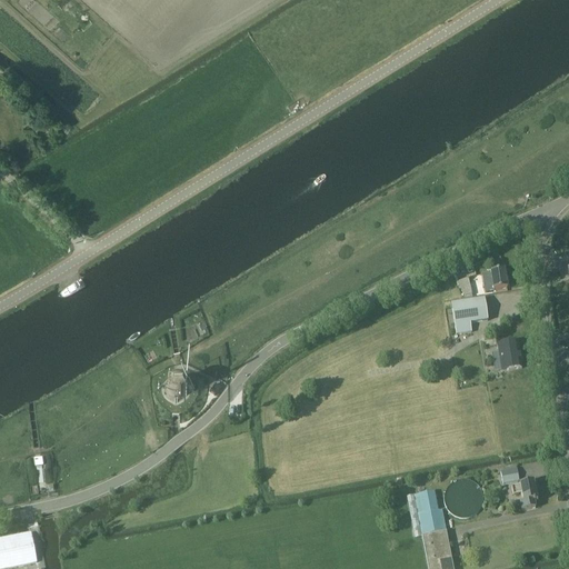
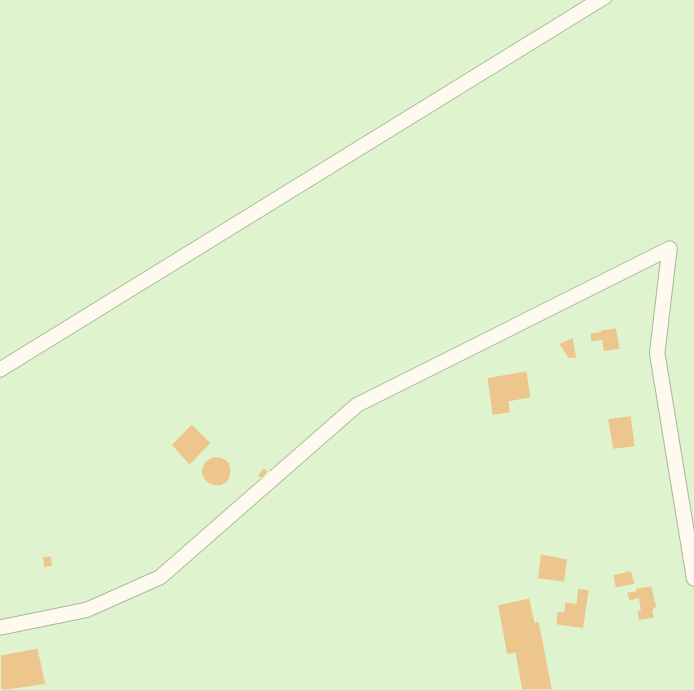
building: [451,296,488,332] -> [486,371,531,415]
building: none -> [171,424,211,466]
building: none -> [537,554,568,583]

